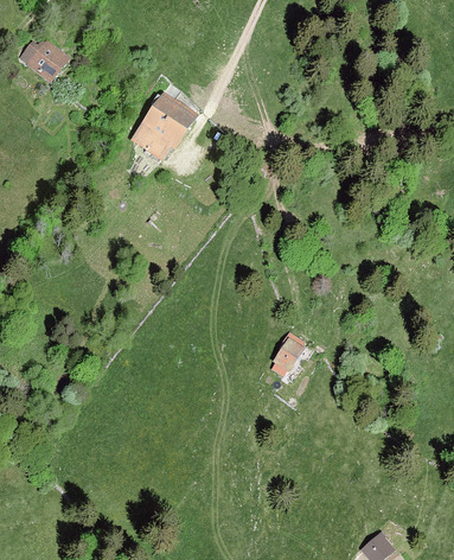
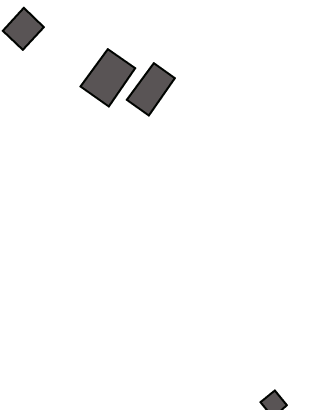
building: none -> [127,63,175,116]
building: [268,333,309,378] -> none

